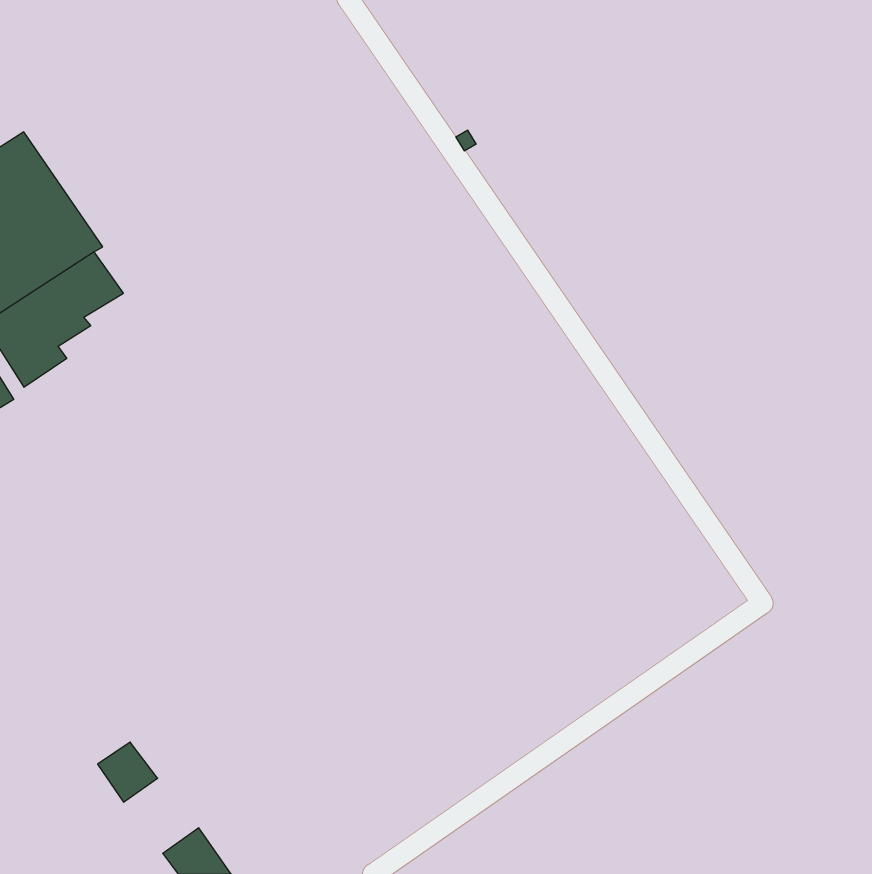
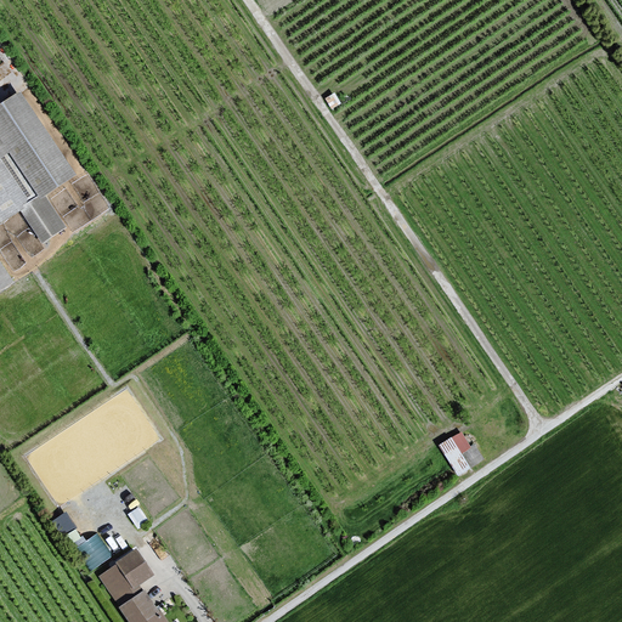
building: none -> [440,432,481,473]
building: none -> [95,545,151,598]

